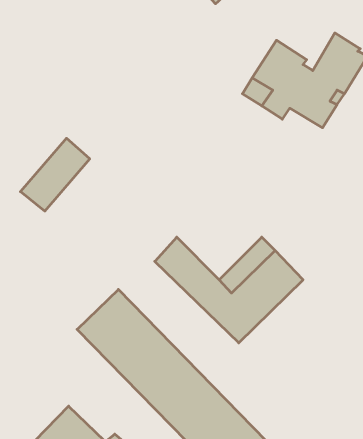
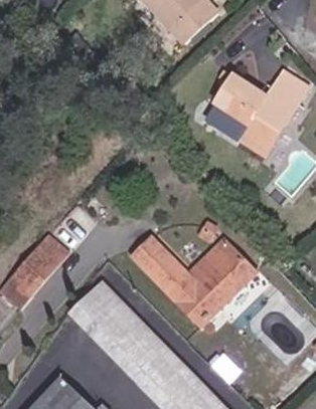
building: [20,138,90,211] -> [9,234,66,294]

